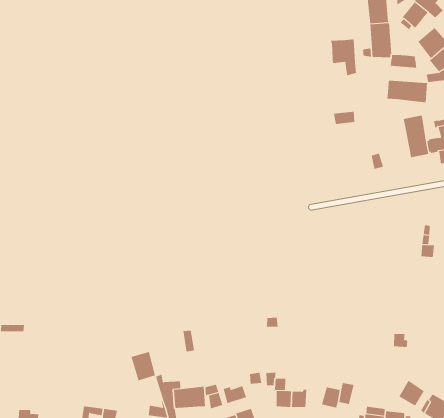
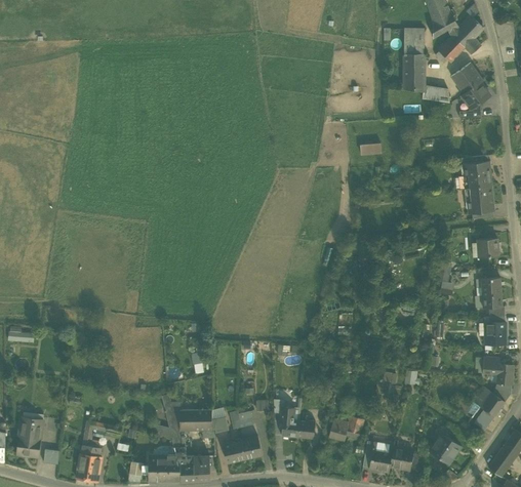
building: [330,38,356,76] -> none
building: [387,80,427,103] -> none
building: [403,115,429,158] -> none
building: [131,351,156,381] -> none
building: [398,380,425,407] -> none

